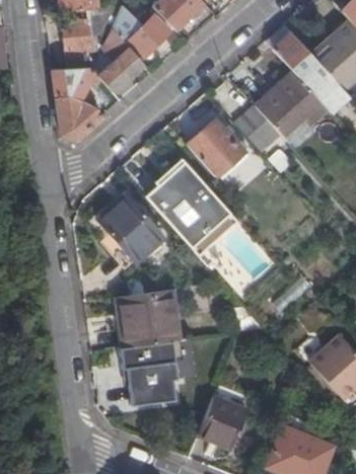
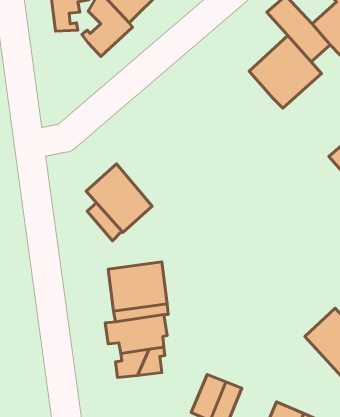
building: [53,66,102,139] -> none
building: [236,105,279,149] -> none
building: [187,120,244,177] -> none
building: [147,160,241,253] -> none

